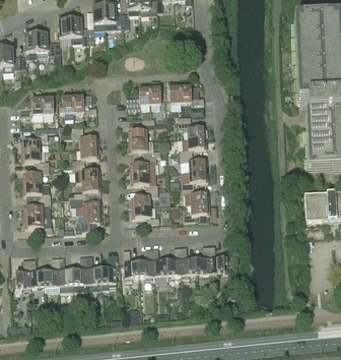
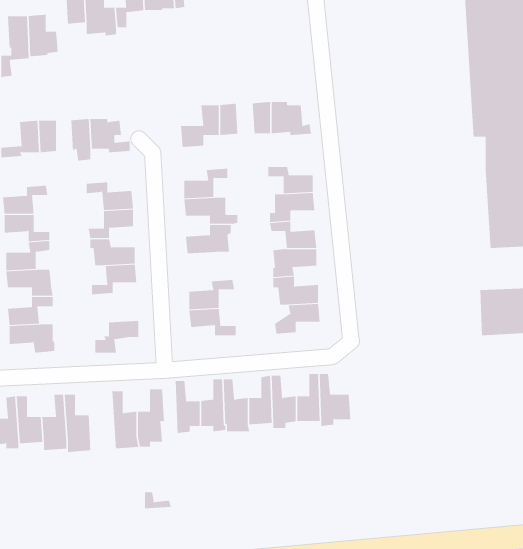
building: [130,172,157,189] -> none
building: [71,196,101,214] -> none
building: [72,254,87,290] -> none

